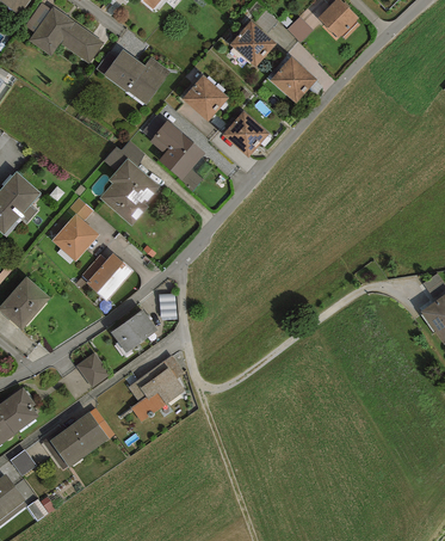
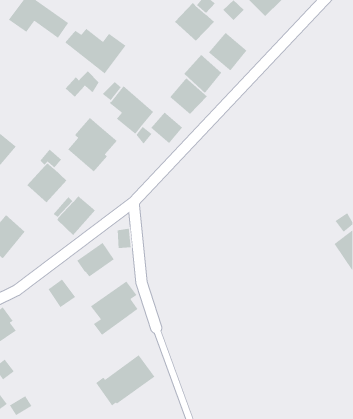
building: [181,74,228,122] -> [183,54,222,94]
building: [103,139,144,171] -> [65,71,100,97]
building: none -> [150,111,183,144]
building: [42,406,115,469] -> [95,354,156,407]

